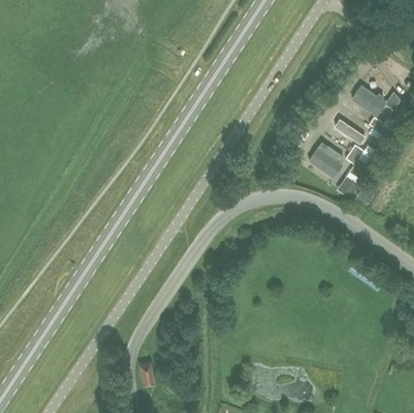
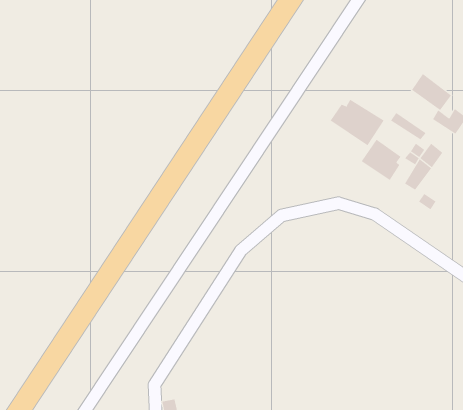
building: none -> [330,99,384,146]

